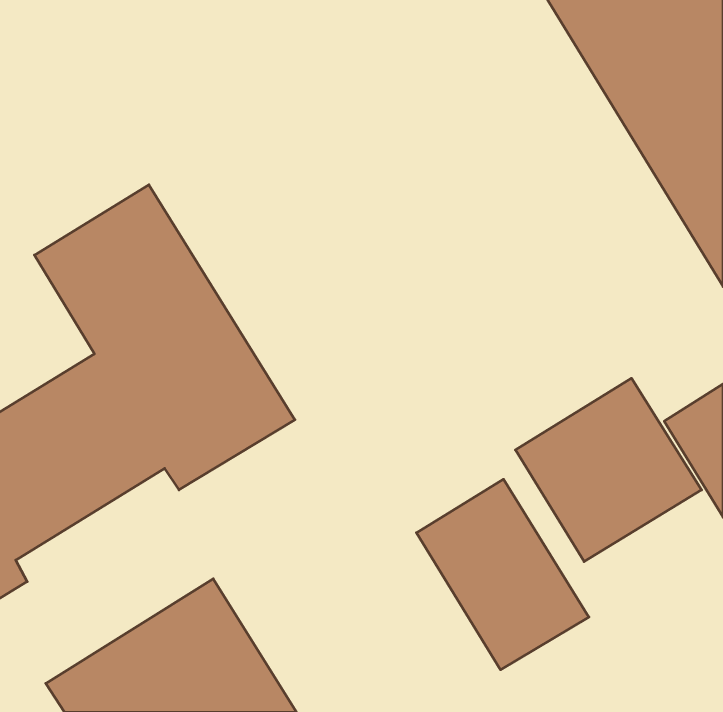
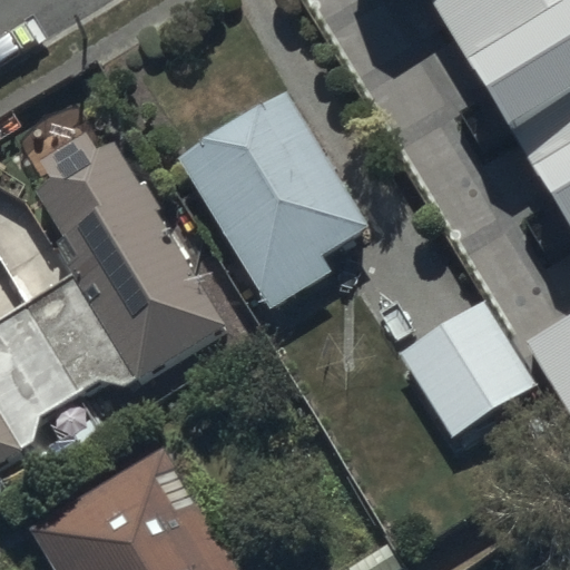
building: none -> [180,96,371,311]
building: [416,479,589,670] -> none

